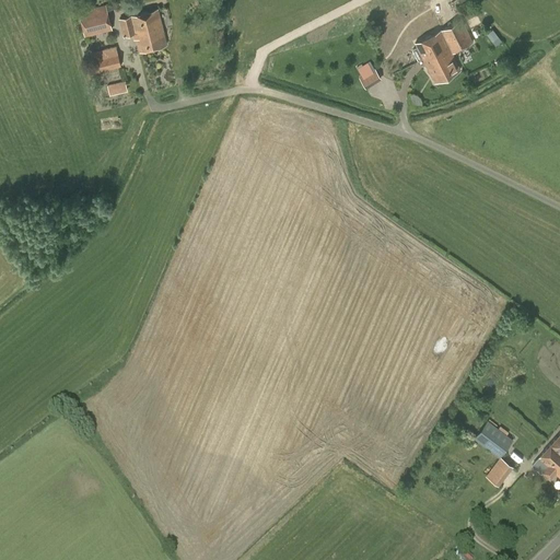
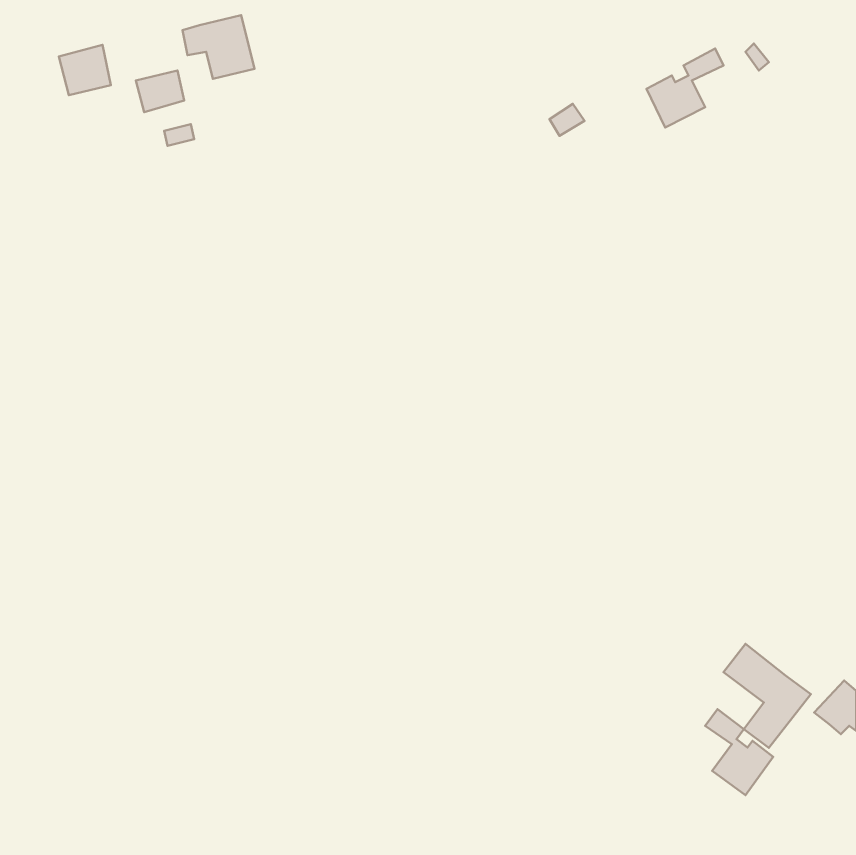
building: [78,5,112,38] -> [59,45,111,95]
building: [415,20,467,59] -> none
building: none -> [705,709,773,795]

